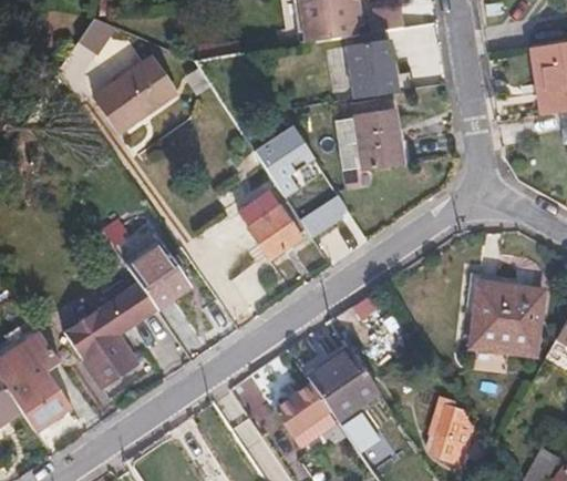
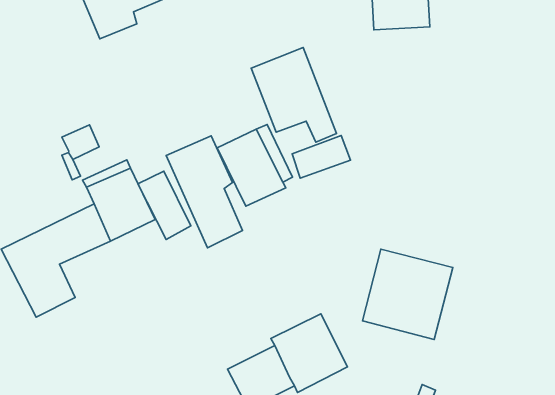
building: [332,114,400,174] -> none
building: none -> [166,136,243,248]
building: none -> [138,171,191,239]
building: [463,279,534,350] -> [362,249,453,339]

